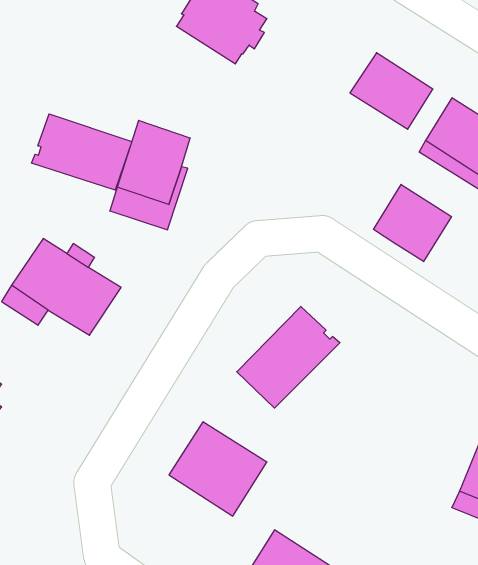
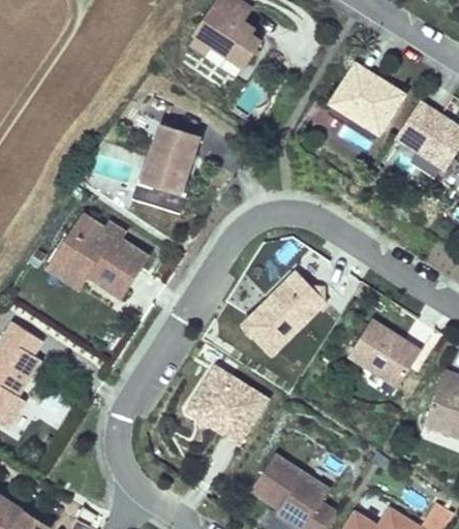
building: [31,114,132,190] -> none
building: [374,184,451,262] -> none
building: none -> [347,321,419,388]

